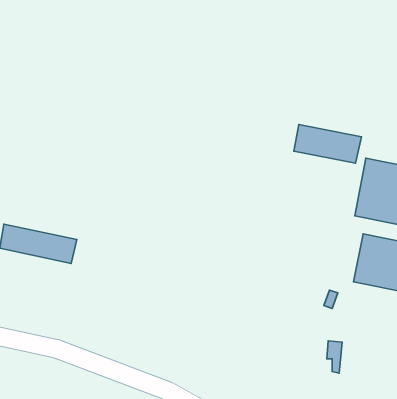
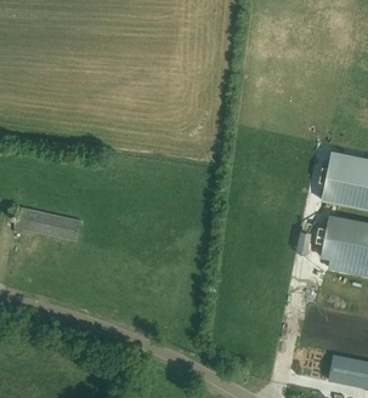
building: [294,124,362,163] -> none

